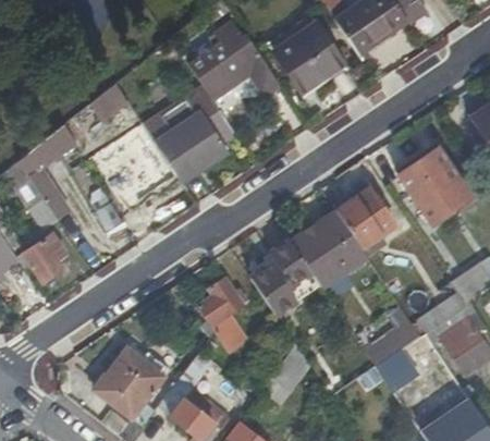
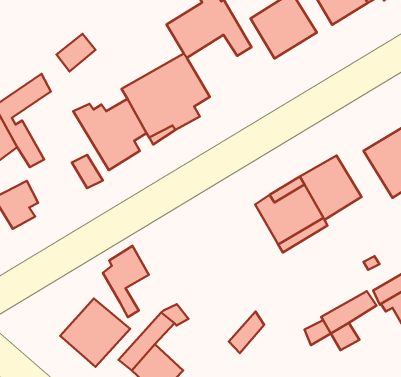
building: [248,242,314,320] -> none
building: [199,280,246,353] -> [103,246,149,317]

